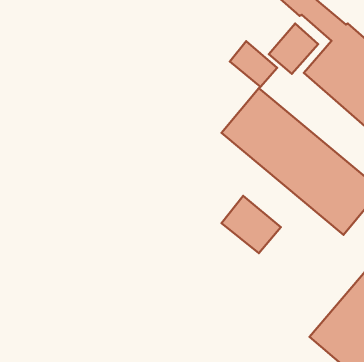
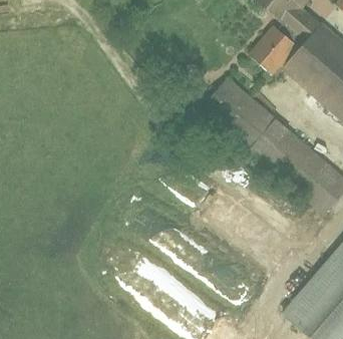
building: [230,41,277,87] -> none
building: [221,196,281,253] -> none

